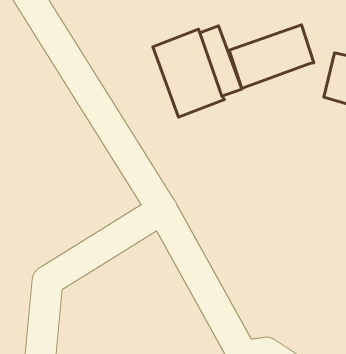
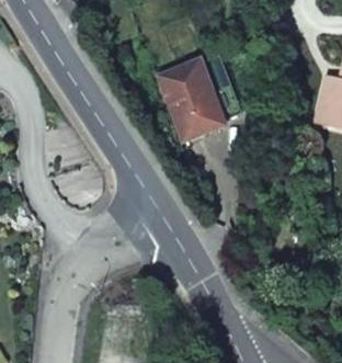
building: [229,25,314,88] -> none

